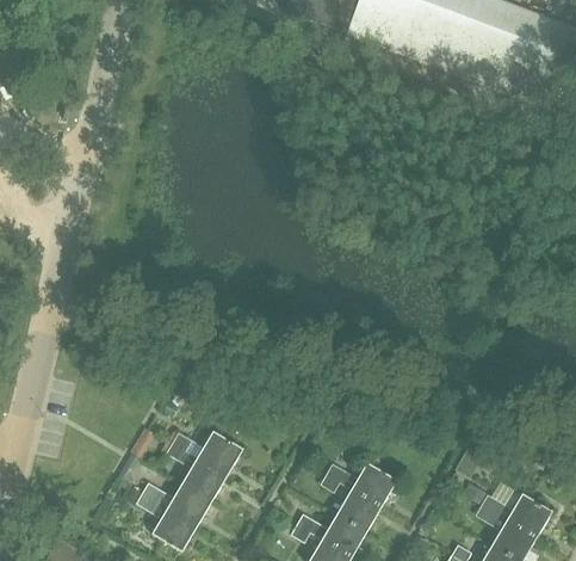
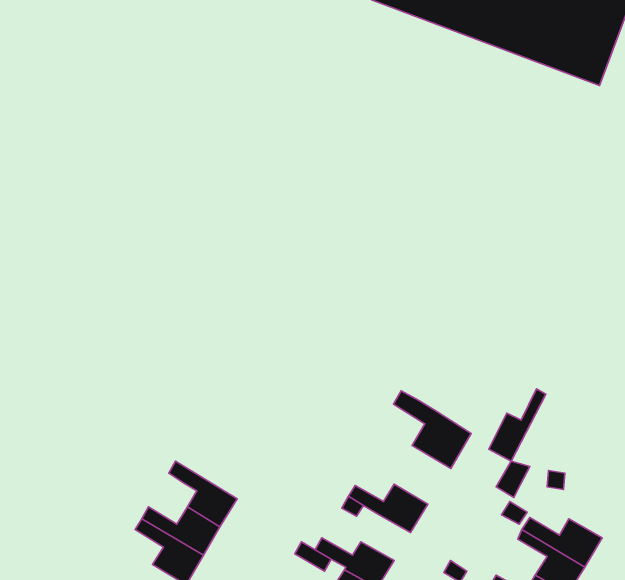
building: none -> [489,389,546,461]
building: none -> [394,391,471,469]
building: [172,432,242,476] -> none
building: [336,489,380,531] -> none

